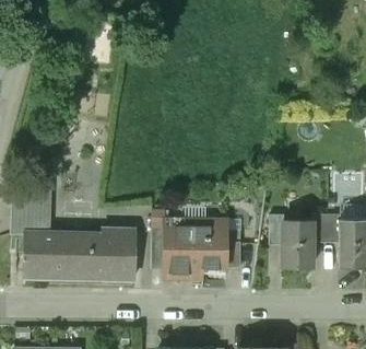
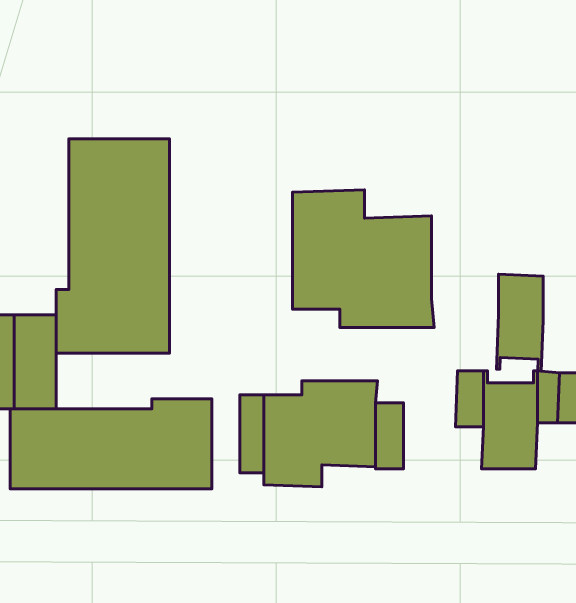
building: none -> [56,139,170,353]
building: none -> [292,190,434,327]
building: none -> [497,274,543,371]

